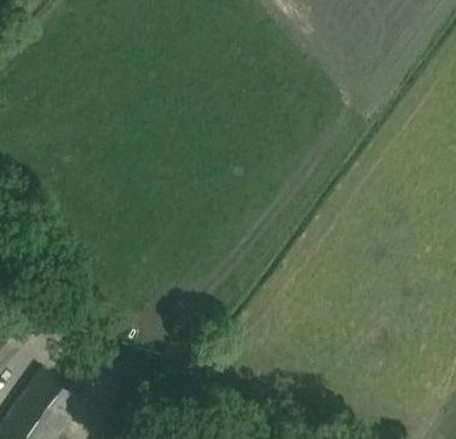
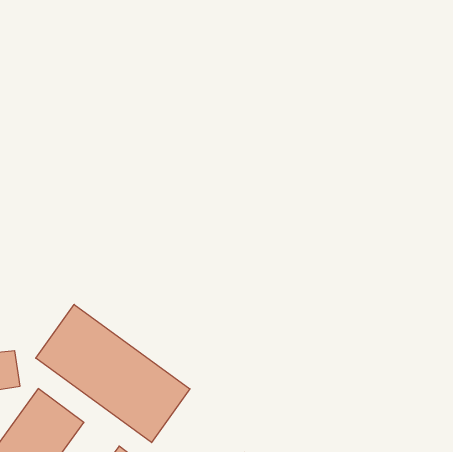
building: none -> [36,304,190,443]

